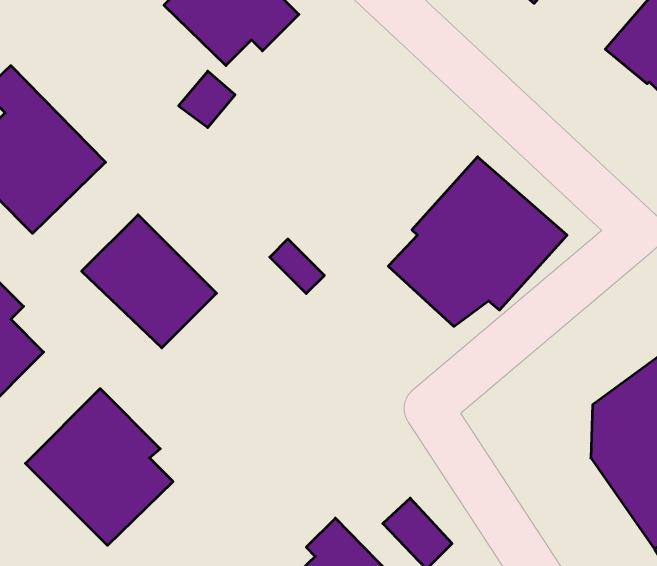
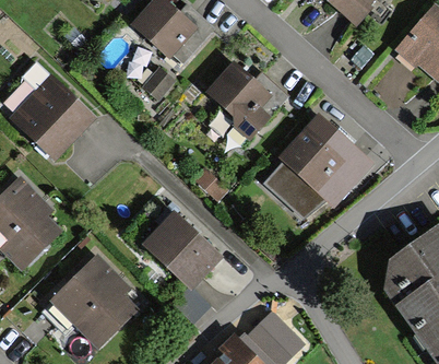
building: none -> [206,60,290,141]
building: [82,215,217,348] -> [142,212,223,292]

